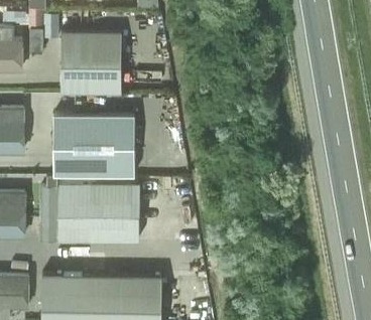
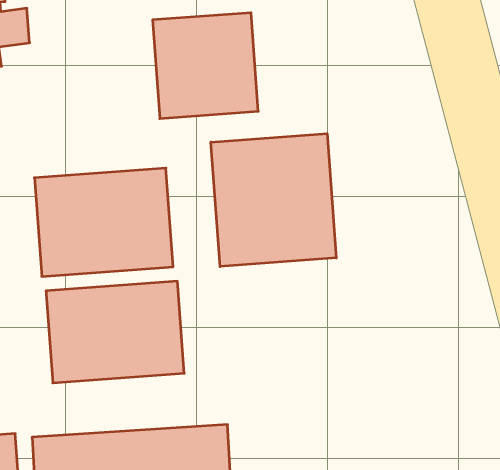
building: [59,34,120,95] -> [153,13,258,119]
building: none -> [211,134,336,267]

